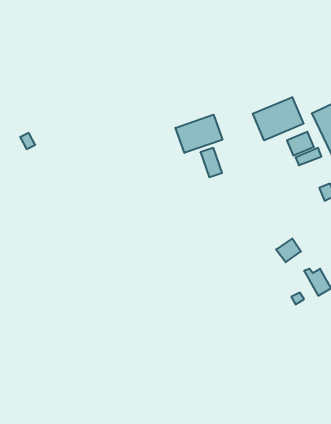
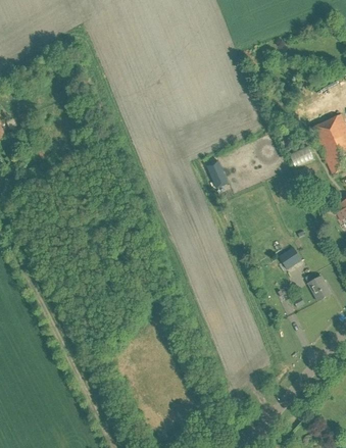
building: [253,97,304,140] -> none
building: [175,115,222,153] -> none

